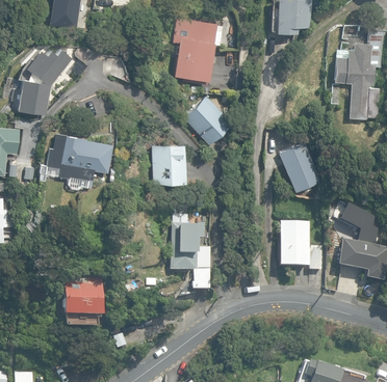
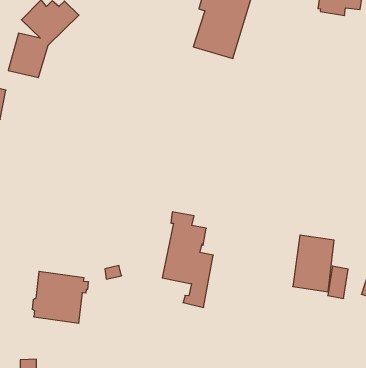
building: [184,96,233,144] -> none
building: [40,134,112,191] -> none
building: [278,141,320,192] -> none
building: [153,145,184,183] -> none

